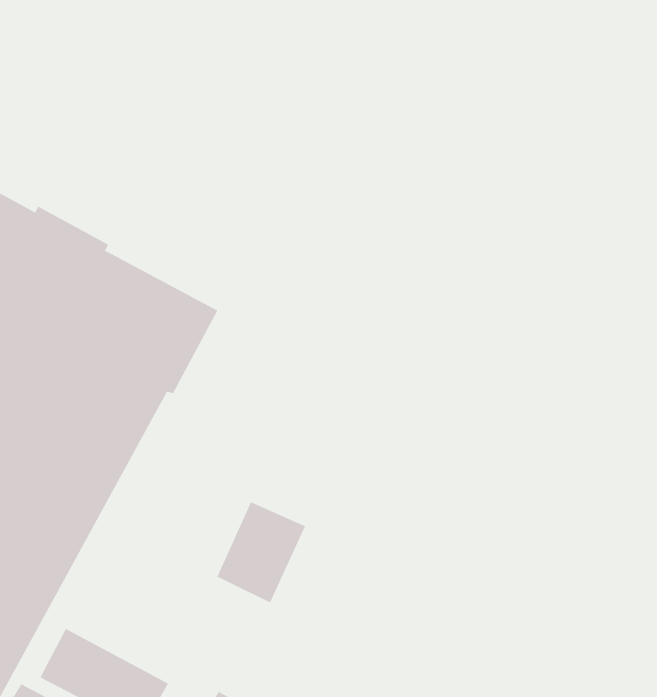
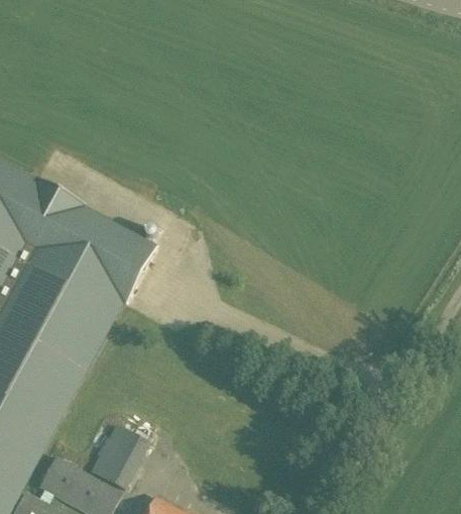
building: [217,501,306,603] -> [93,424,151,491]

